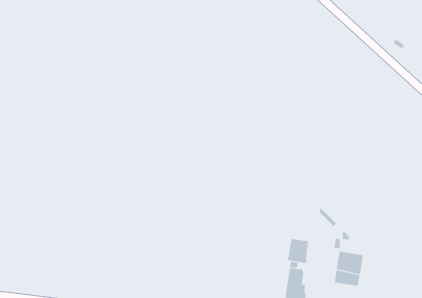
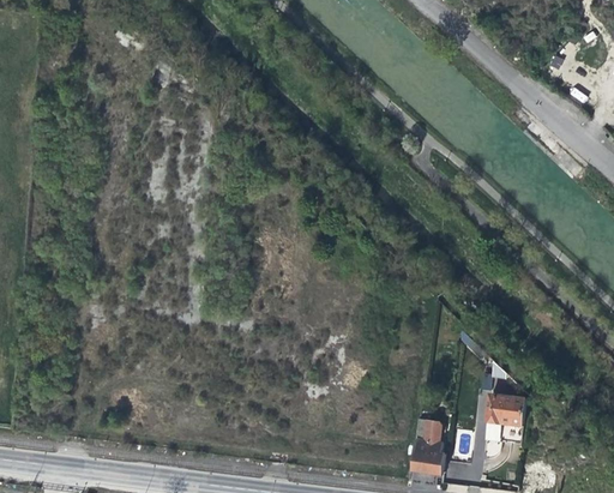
building: [287,238,308,264] -> none

